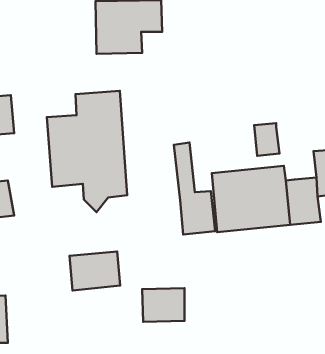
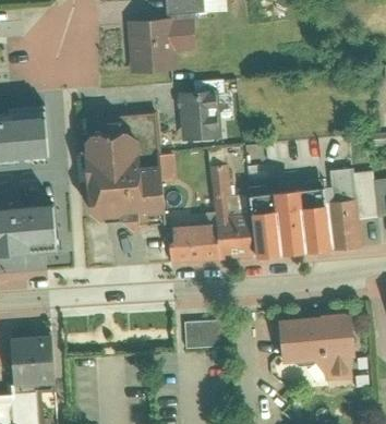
building: none -> [183,89,226,138]
building: [254,123,279,156] -> [334,171,360,205]
building: [69,252,120,291] -> [170,227,222,267]
building: none -> [276,310,358,377]

